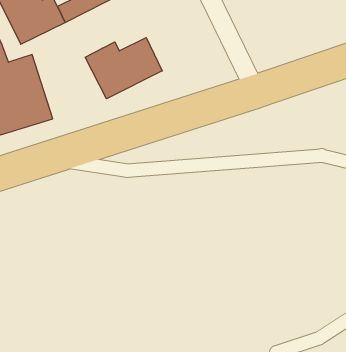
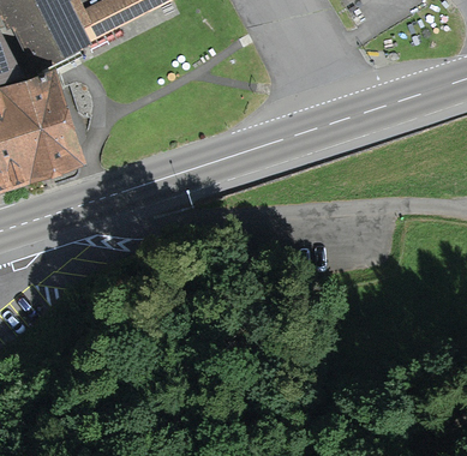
building: [85,38,162,99] -> none

